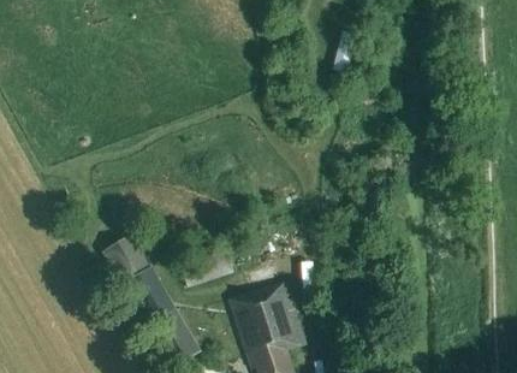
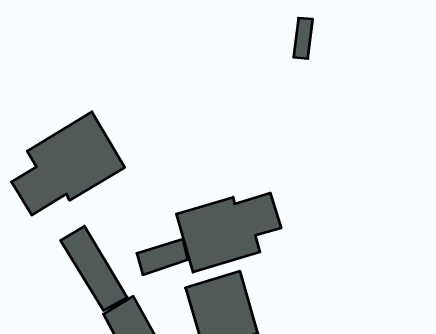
building: none -> [11,112,125,215]
building: none -> [176,193,281,272]

